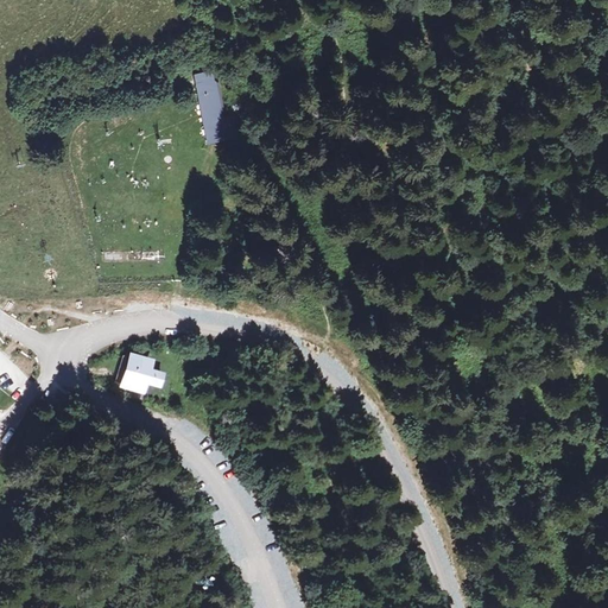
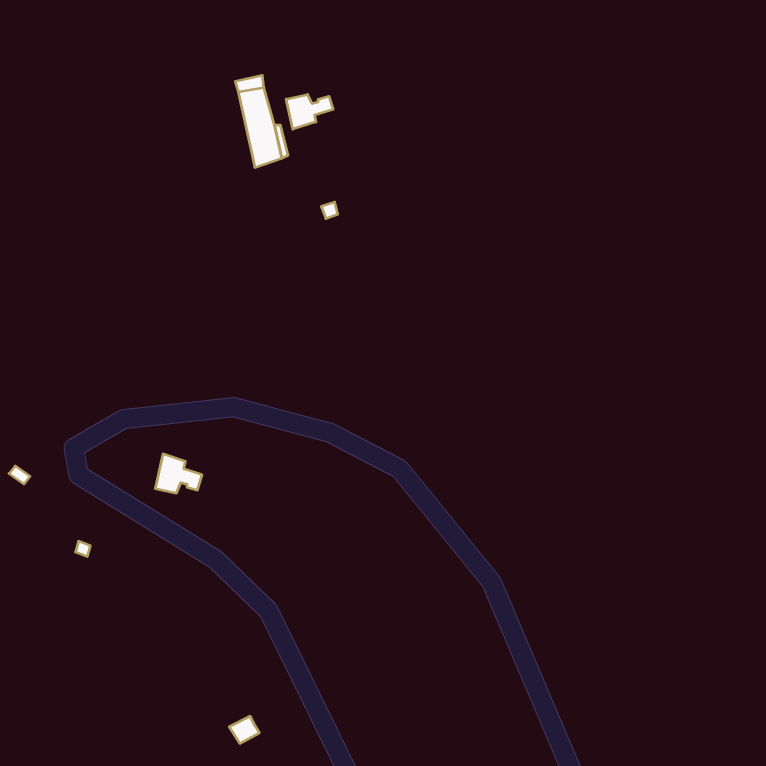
building: none -> [286,94,333,129]

